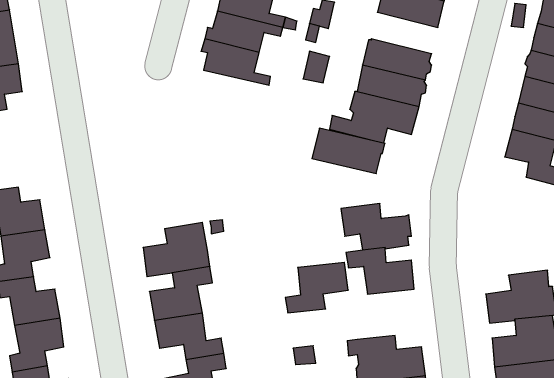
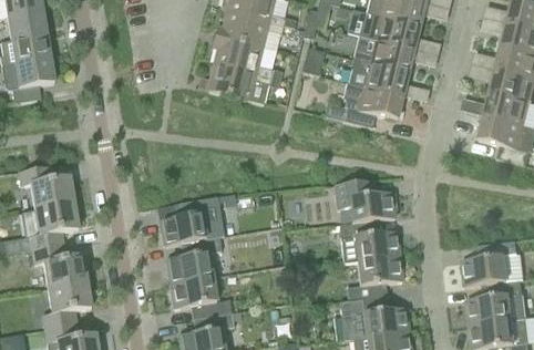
building: none -> [361,12,420,49]
building: [312,128,385,174] -> [207,63,271,103]
building: [285,262,348,313] -> [347,256,402,300]

